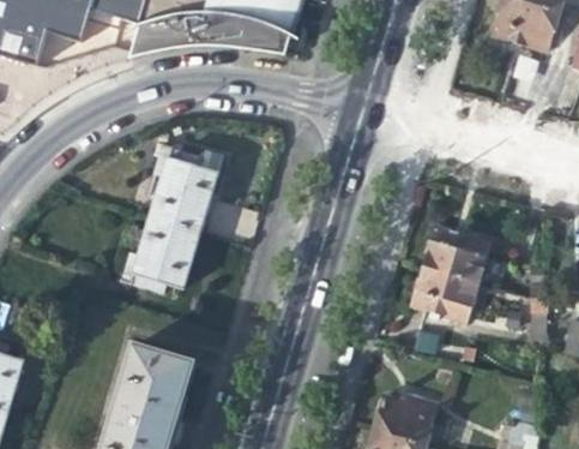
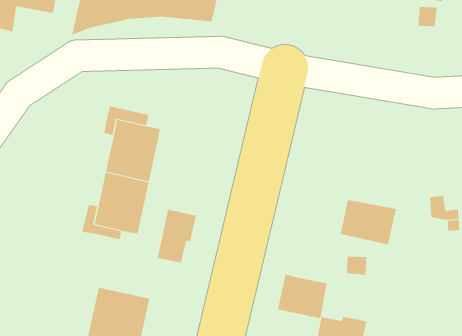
building: [422,226,489,280] -> none
building: none -> [157,209,196,264]
building: none -> [277,274,327,319]

